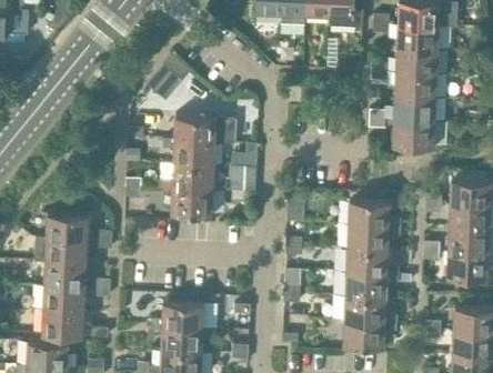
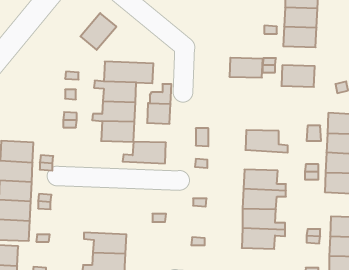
building: [394,97,435,121] -> [229,58,263,78]
building: [348,224,401,250] -> none
building: [150,302,203,329] -> [123,142,166,163]

